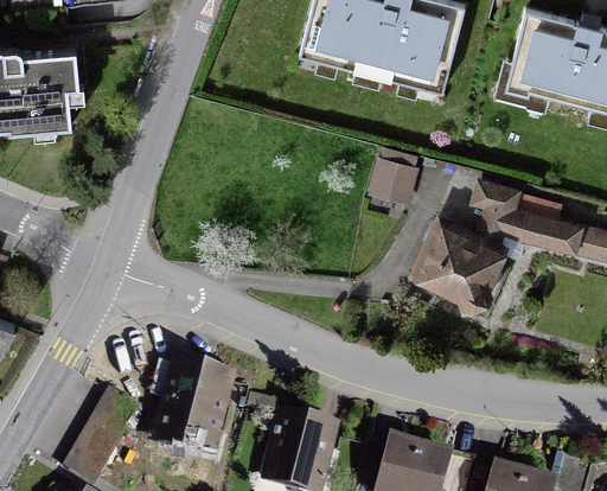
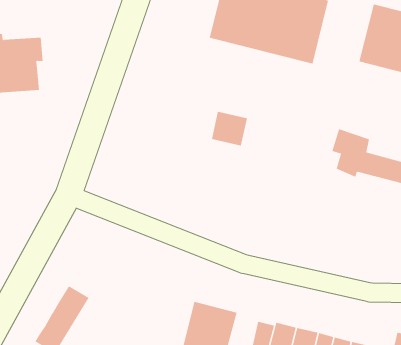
building: [369,159,418,206] -> [211,111,248,146]
building: [408,212,510,319] -> none
building: [149,359,232,449] -> none

